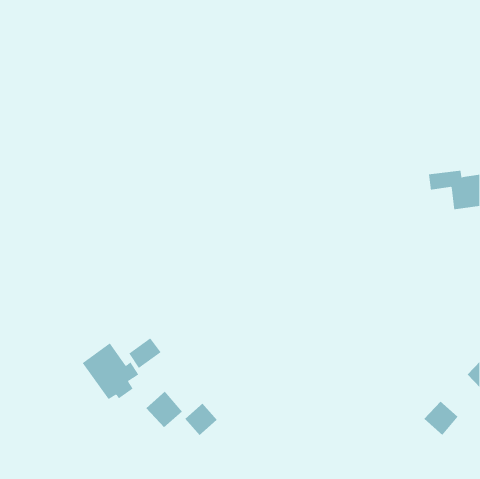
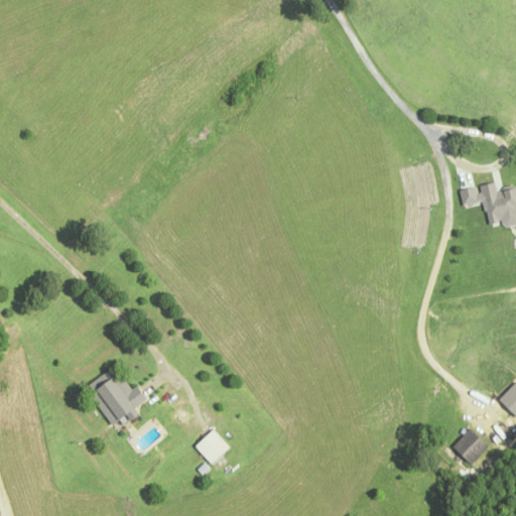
building: [128,338,162,369] -> none
building: [145,391,183,428] -> none

